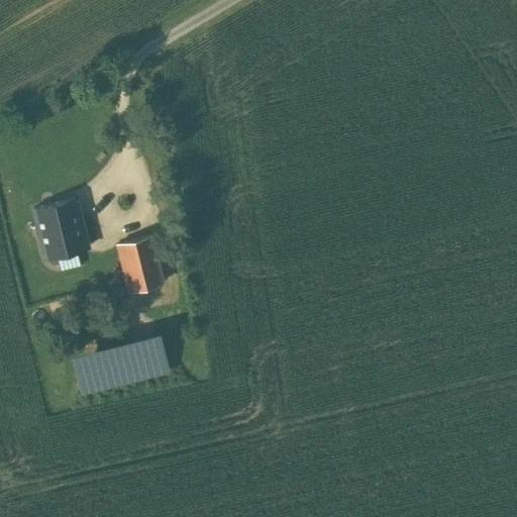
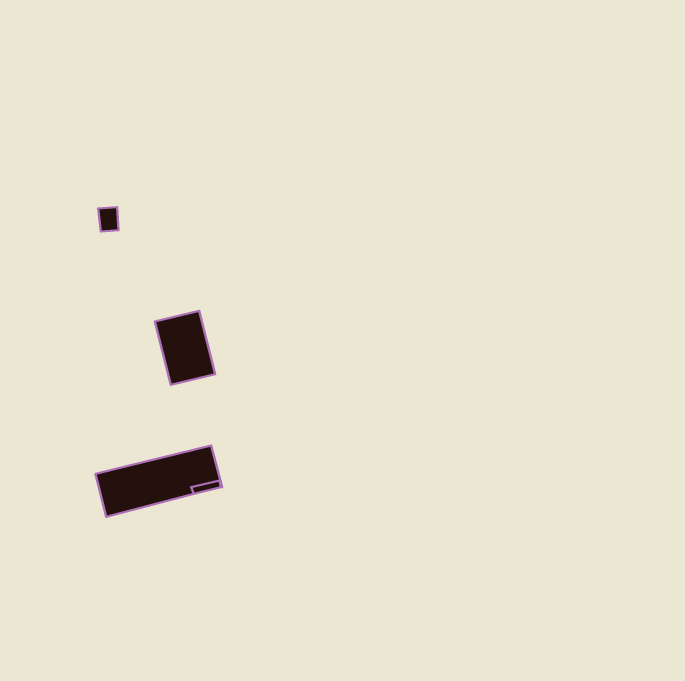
building: [28,201,89,265] -> none

